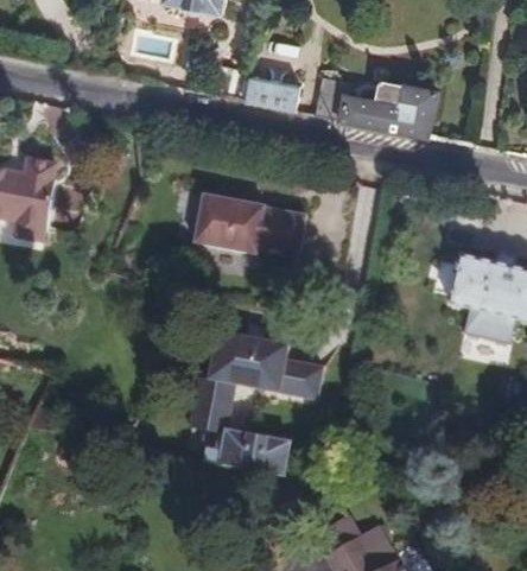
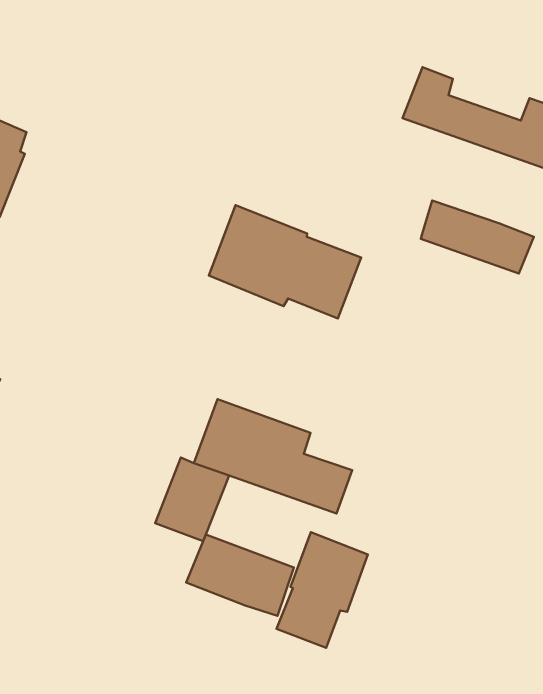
building: [245,72,301,109] -> none
building: none -> [421,201,534,274]
building: none -> [277,532,368,648]

